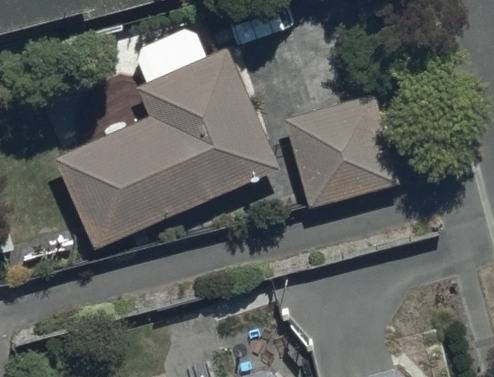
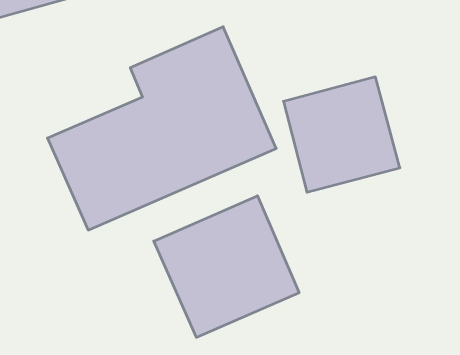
building: none -> [154,196,299,337]

